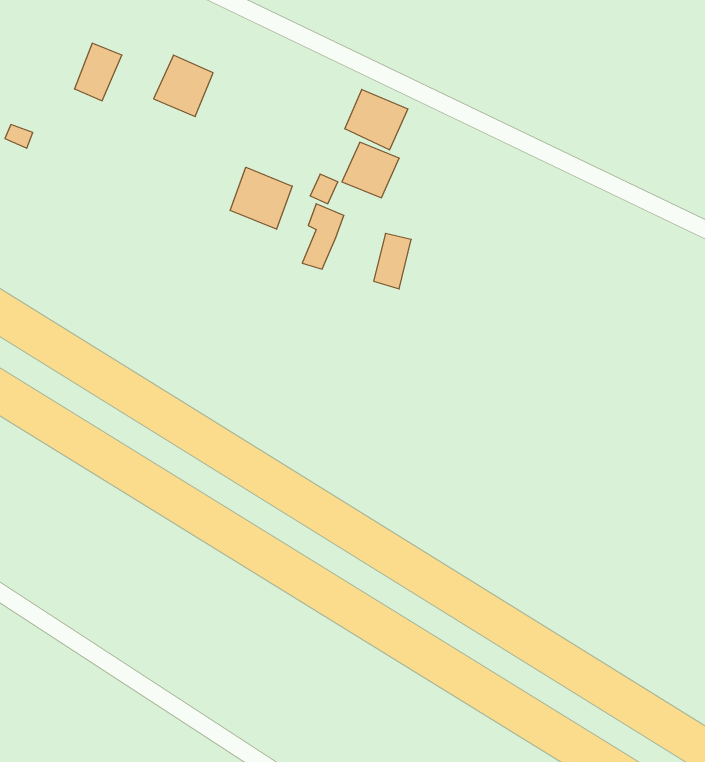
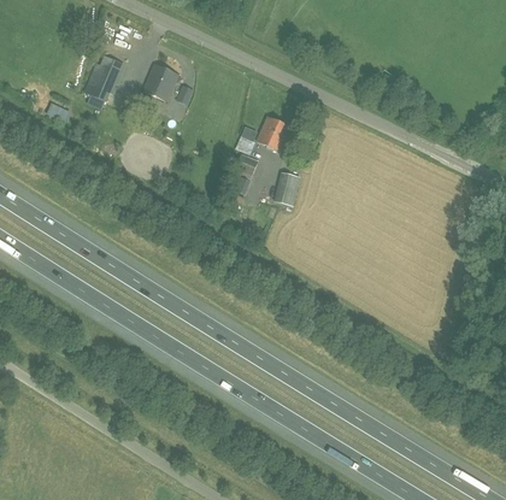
building: [345,89,408,150] -> none
building: [230,167,292,229] -> none

